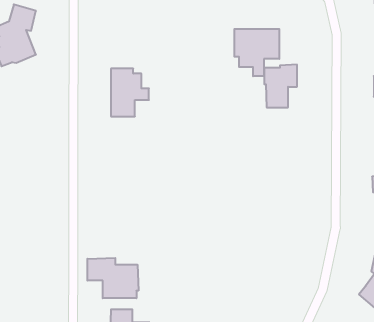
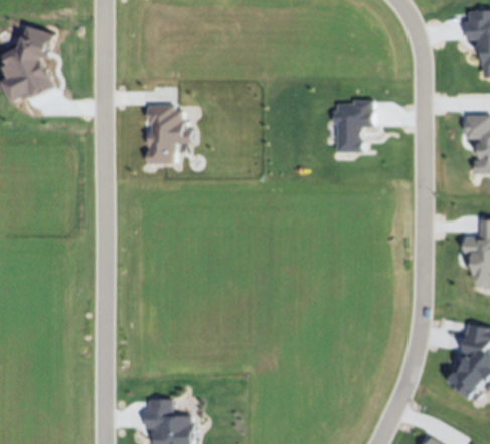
building: [234,29,279,76] -> none
building: [87,258,138,298] -> none

